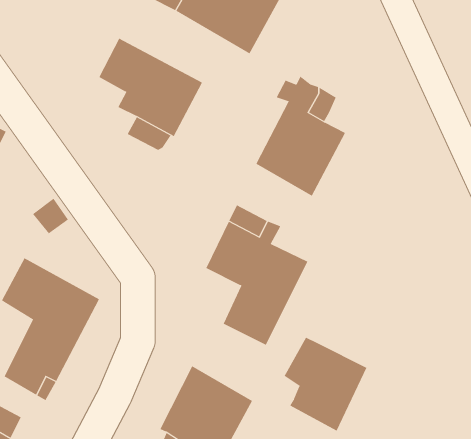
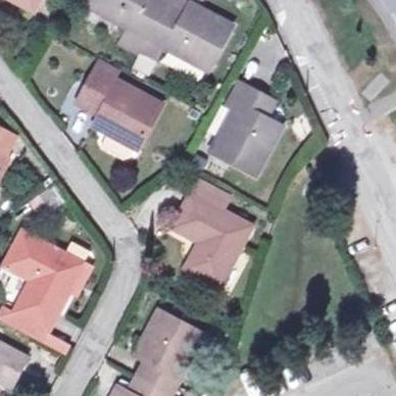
building: [284,337,367,432] -> none

